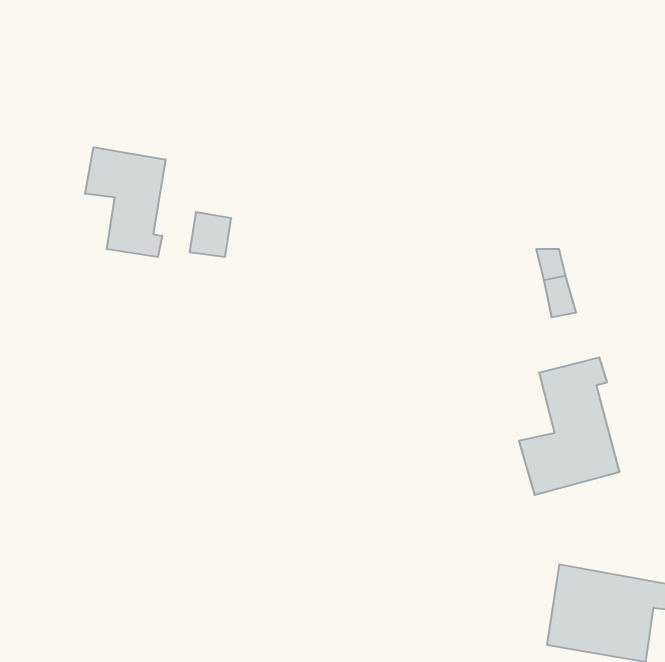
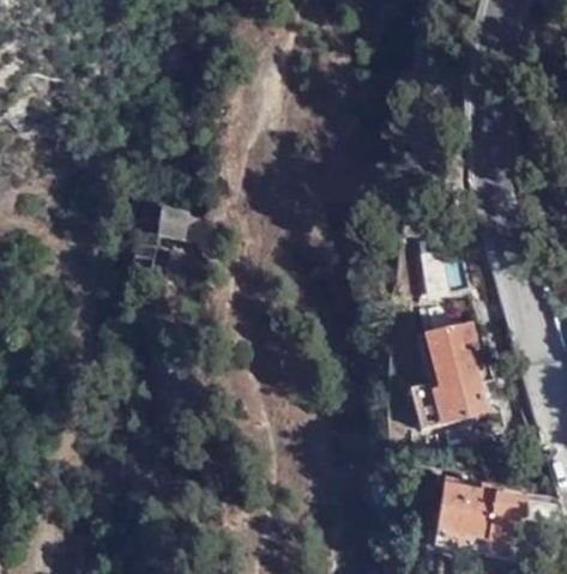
building: [85,147,165,257] -> none

